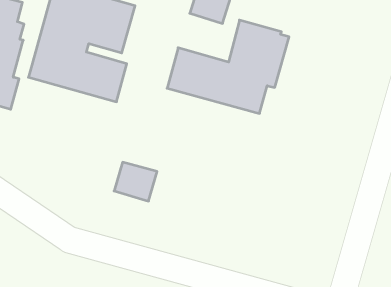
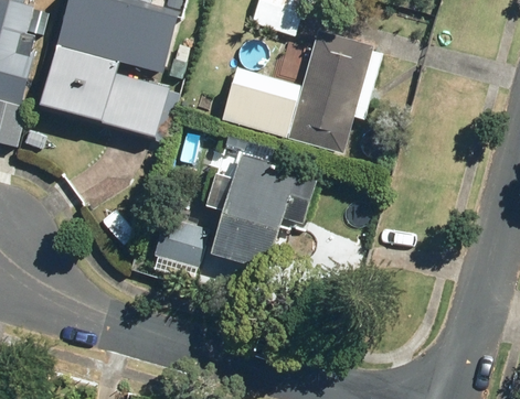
building: none -> [204,153,317,270]

